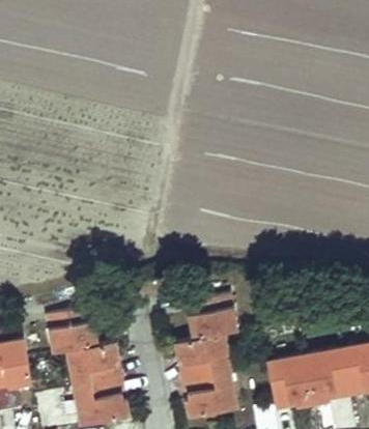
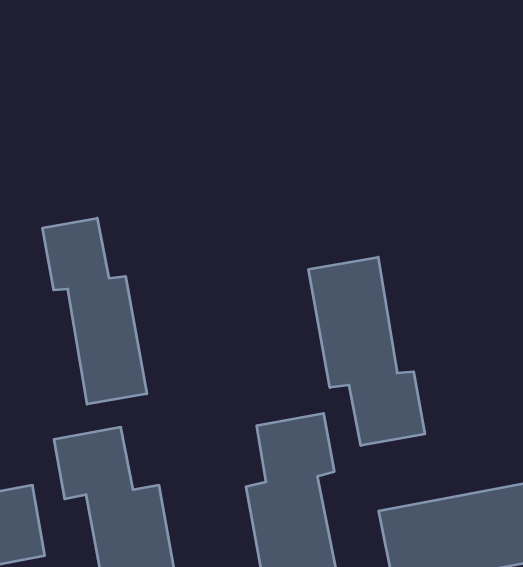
building: none -> [43,218,147,404]
building: none -> [309,257,425,446]

